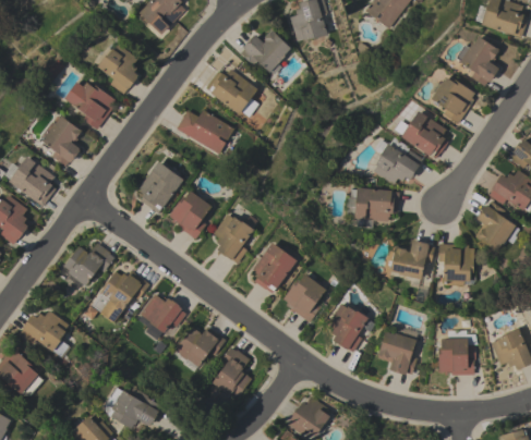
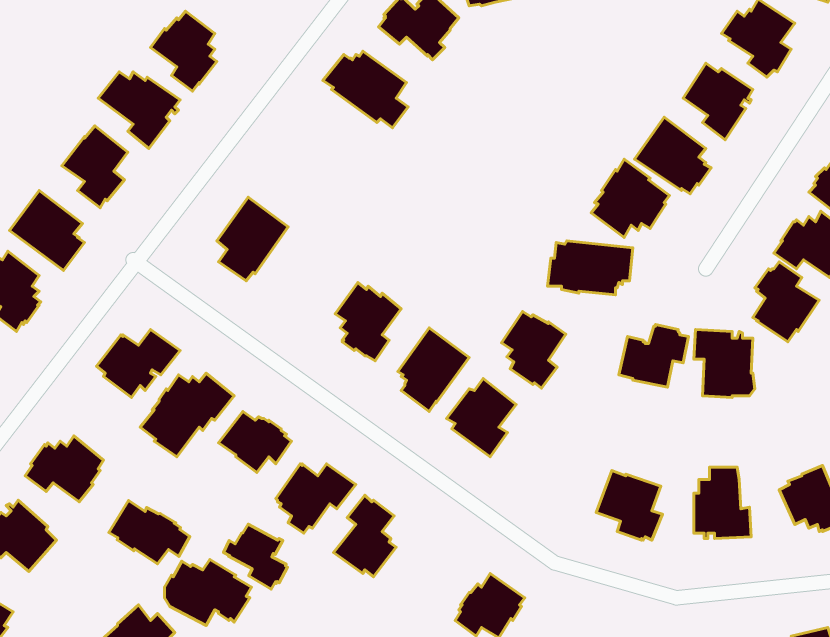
building: [177,109,233,154] -> none
building: [169,191,212,239] -> none
building: [327,304,367,352] -> [502,311,566,388]
building: none -> [109,501,190,564]
building: none -> [224,524,288,589]

